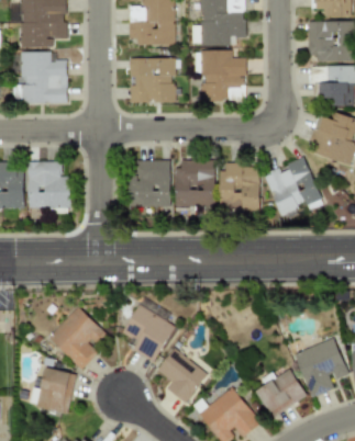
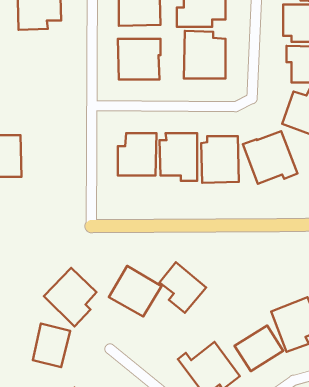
building: [12,52,67,103] -> none
building: [27,161,70,207] -> none
building: [157,348,208,403] -> [160,262,206,313]

